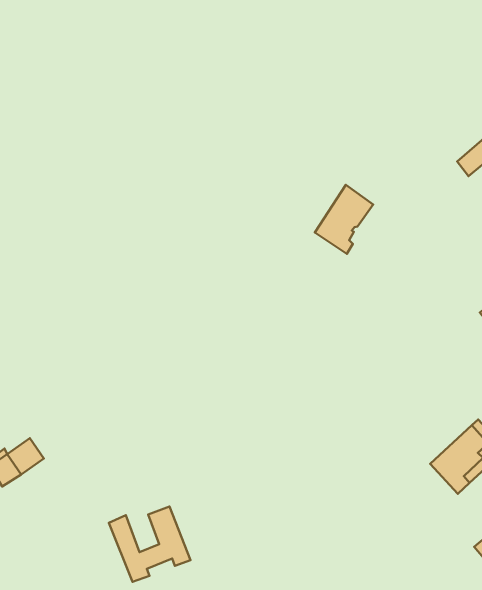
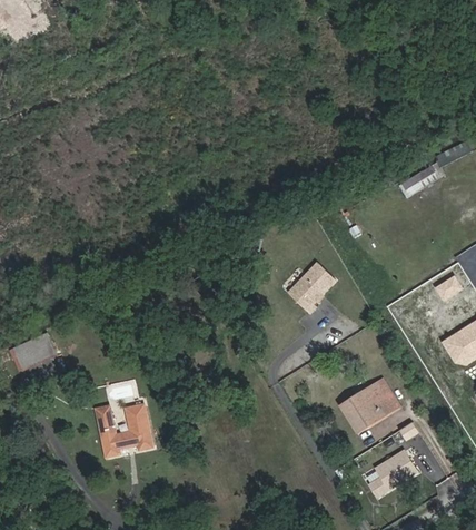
building: [315,185,373,254] -> [288,263,335,314]

